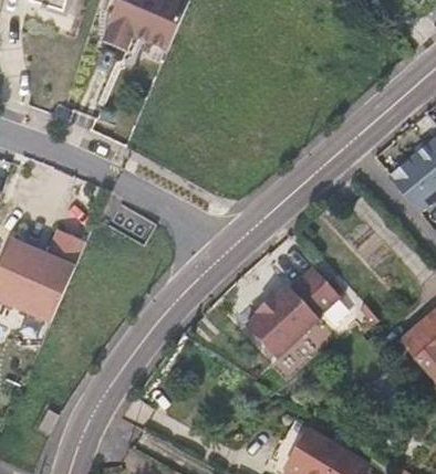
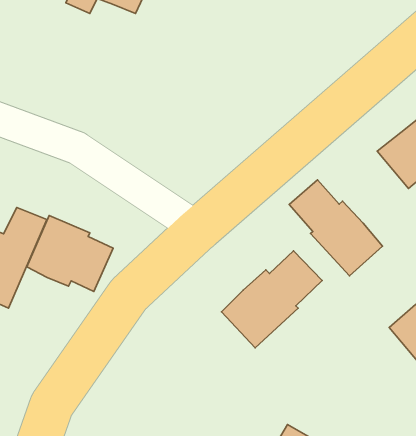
building: none -> [289,180,383,276]
building: none -> [27,215,113,291]

